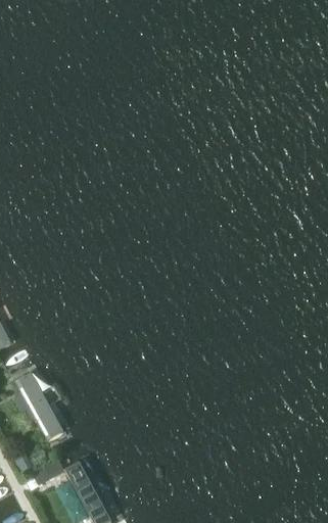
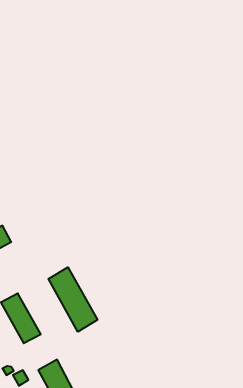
building: none -> [48,267,97,332]

